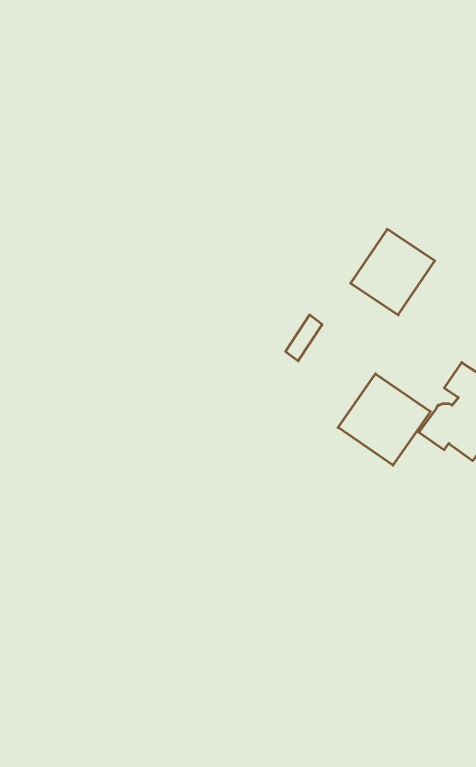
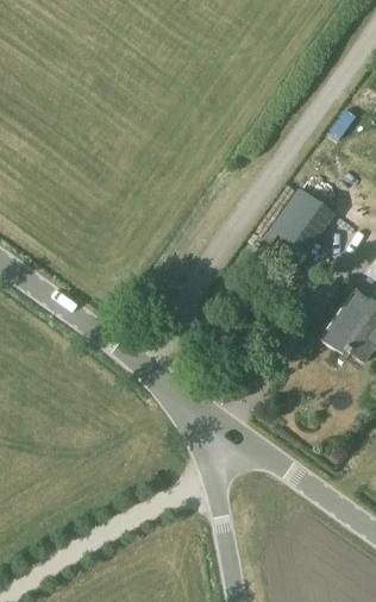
building: [338,374,430,465] -> none

